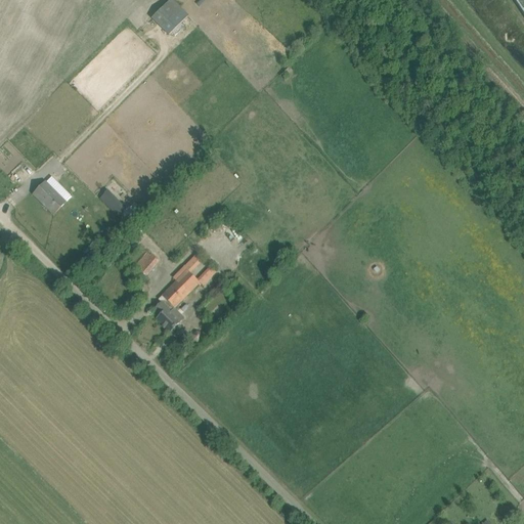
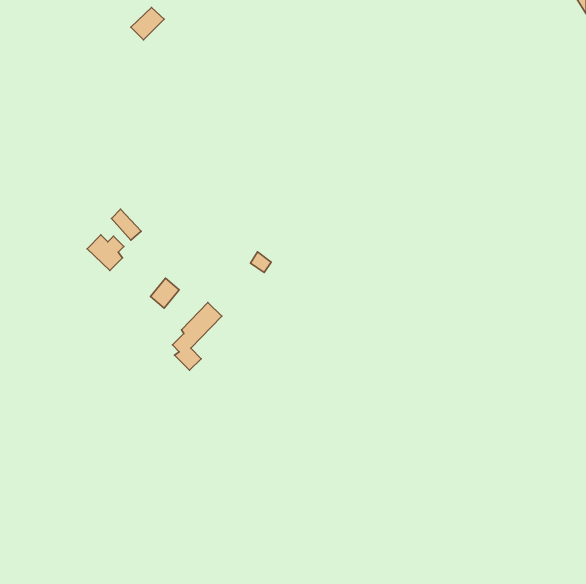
building: [157,4,186,33] -> [131,8,164,40]
building: [33,180,66,212] -> [87,235,124,271]

